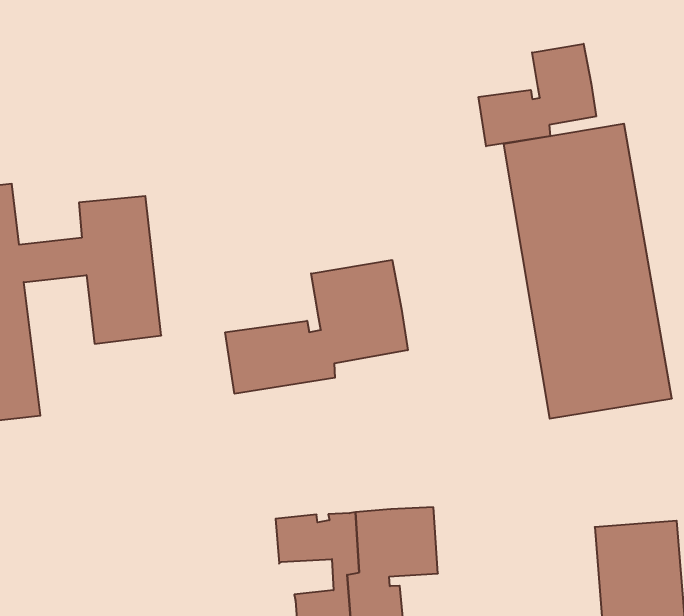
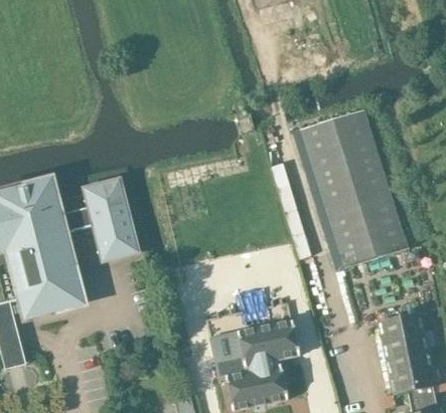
building: [479,44,596,146] -> none
building: [225,260,408,394] -> none

